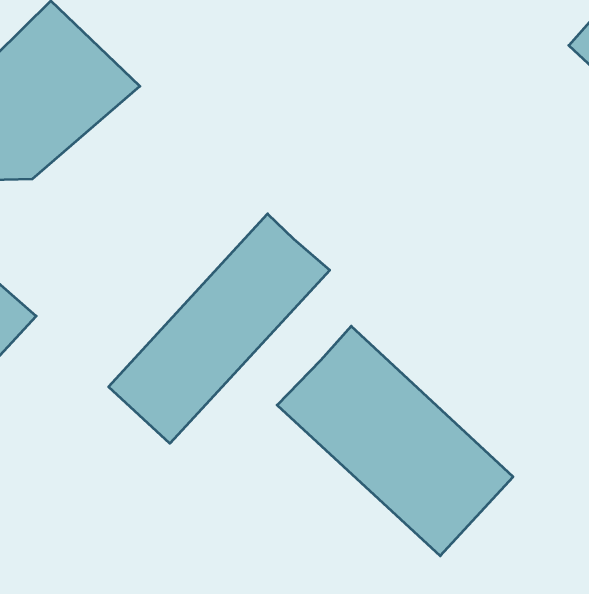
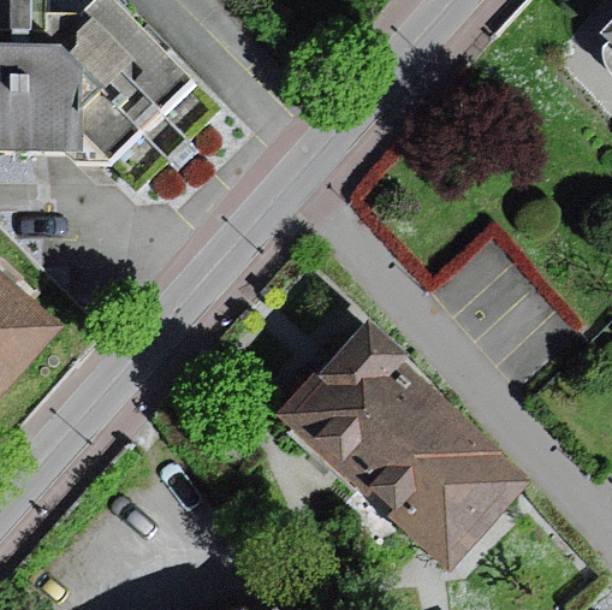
building: [109,214,330,443] -> none

